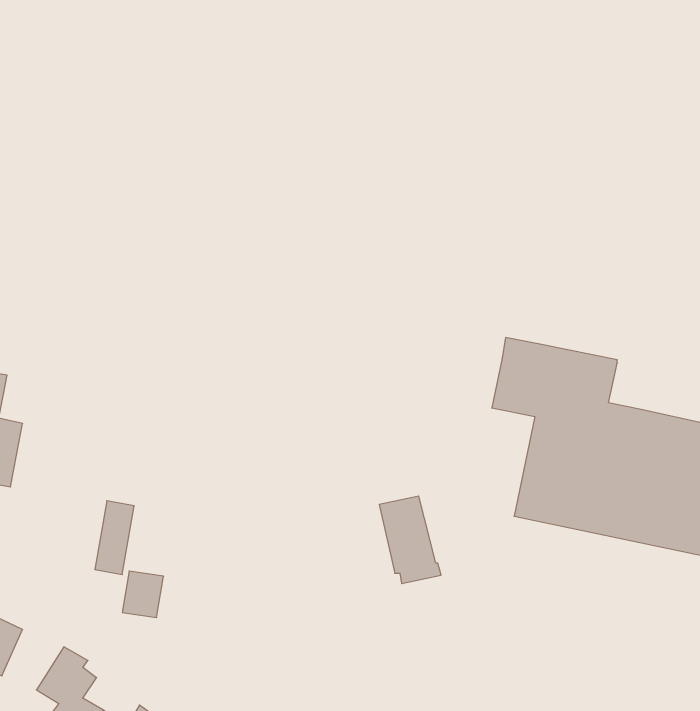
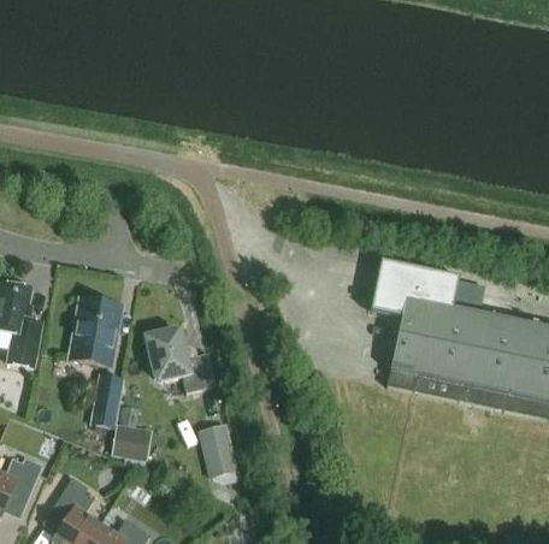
building: none -> [71,296,122,366]
building: none -> [146,329,202,392]
building: [379,496,441,584] -> [197,422,241,484]

